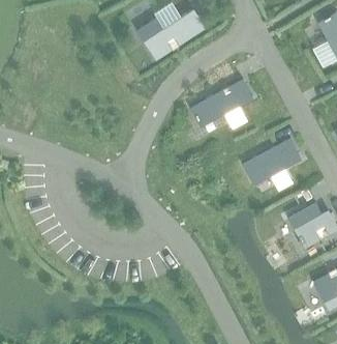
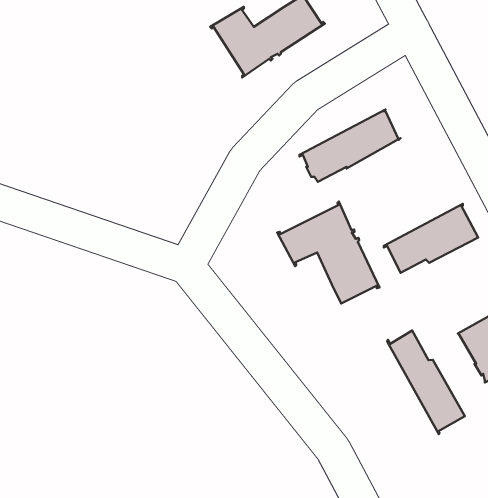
building: none -> [277,201,380,303]
building: none -> [387,331,465,434]

